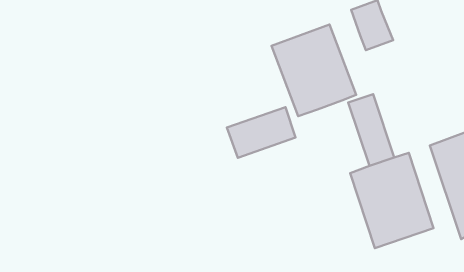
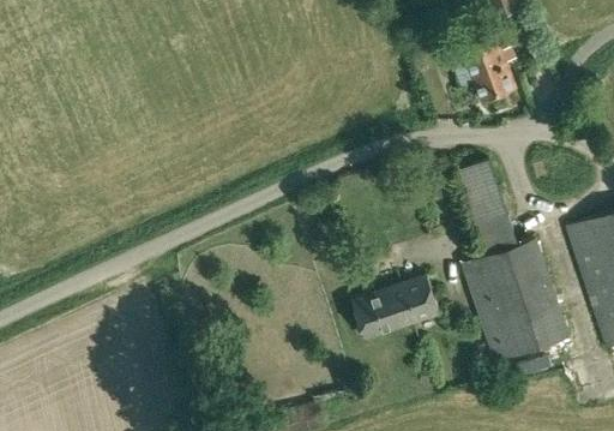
building: [271,25,356,116] -> none
building: [227,107,296,158] -> [351,275,441,341]

